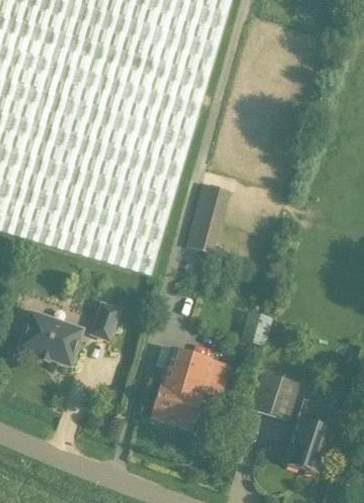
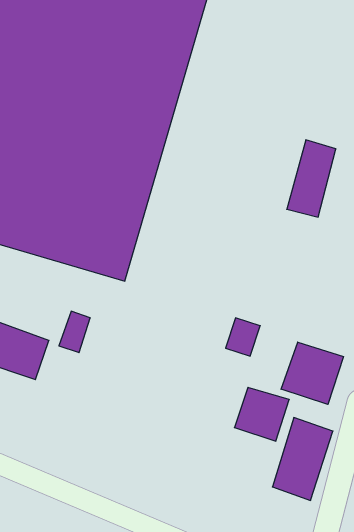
building: [186,183,230,253] -> [287,140,336,217]
building: none -> [281,342,343,404]
building: [150,347,230,430] -> none

